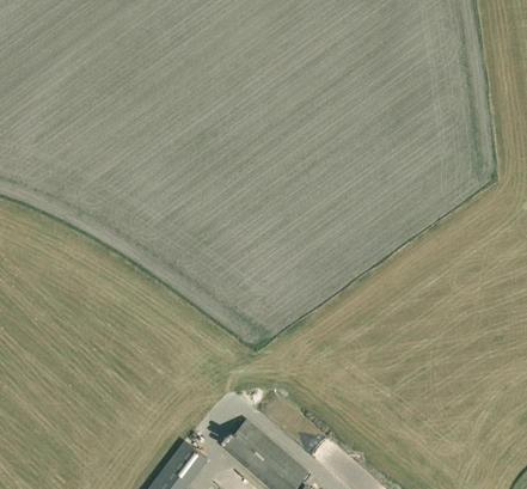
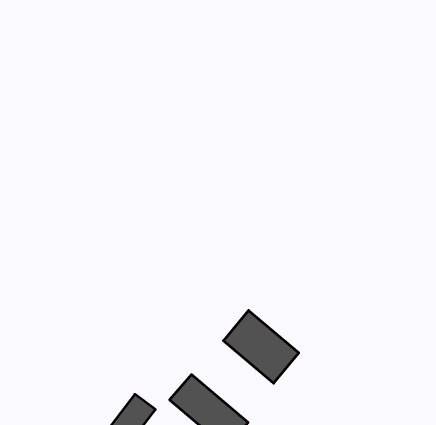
building: none -> [223,310,299,383]

